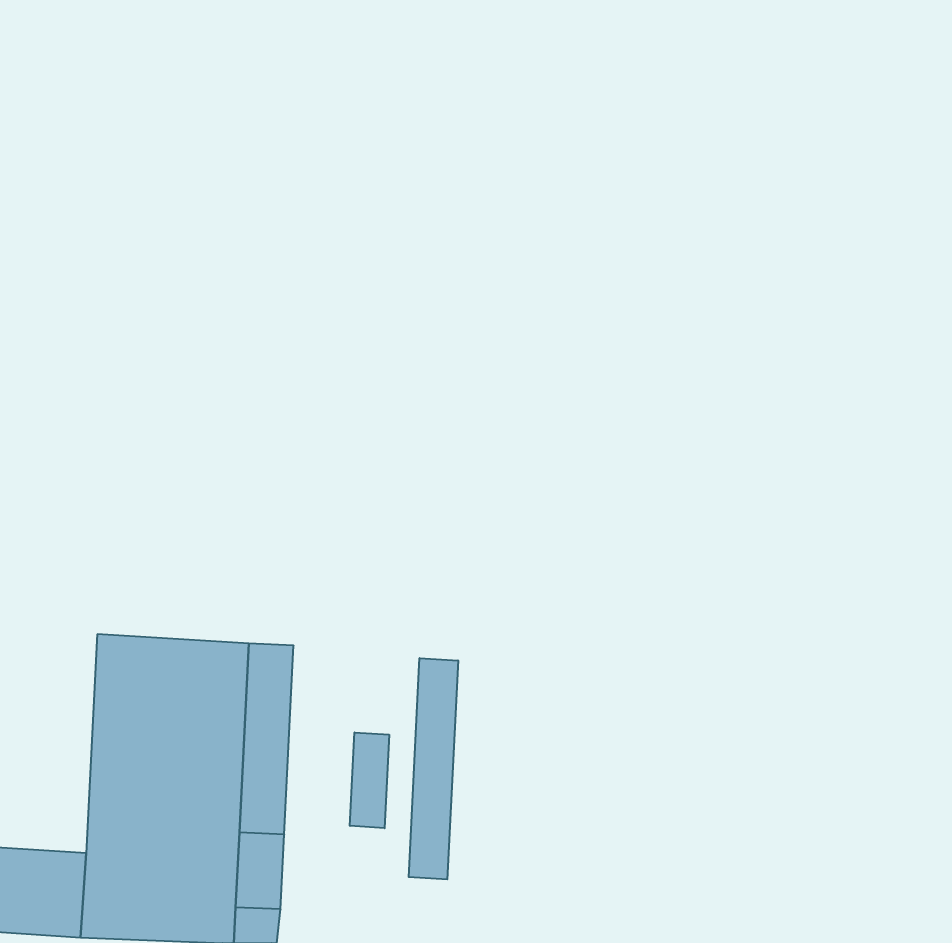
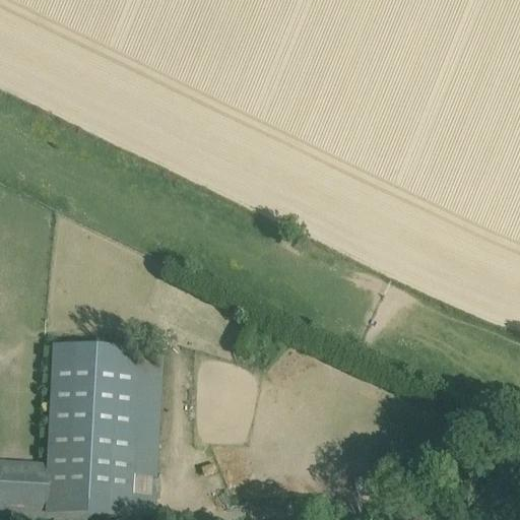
building: [409,658,458,879] -> none
building: [350,732,389,828] -> none

